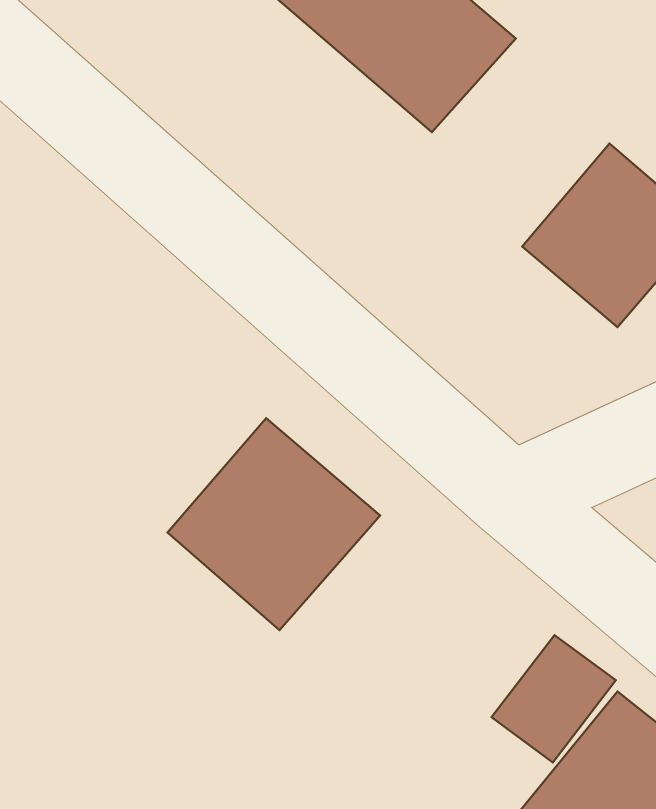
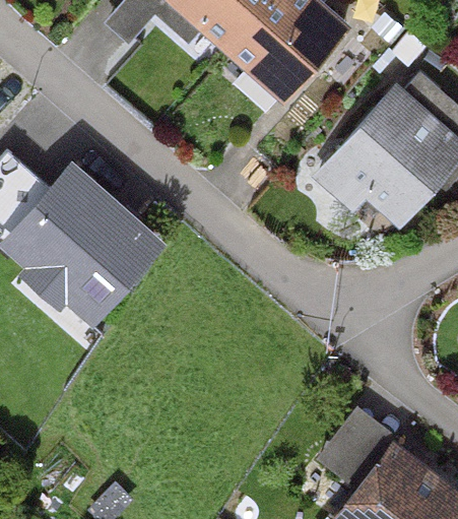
building: none -> [15,172,156,311]
building: [167,418,380,630] -> none

